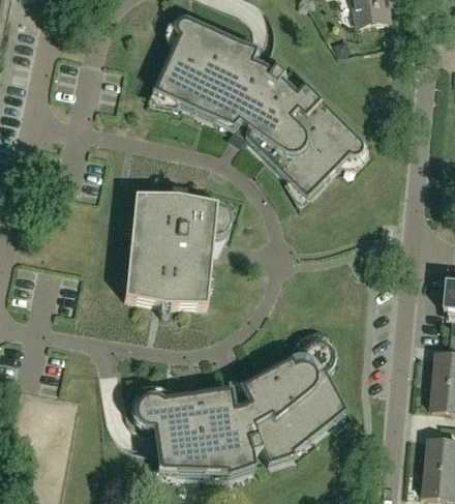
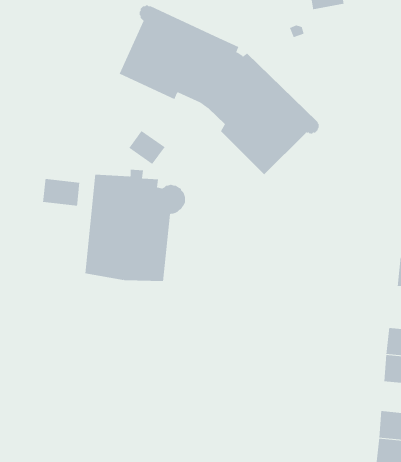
building: none -> [128,130,166,165]
building: none -> [43,178,80,207]
building: [134,342,341,476] -> none

